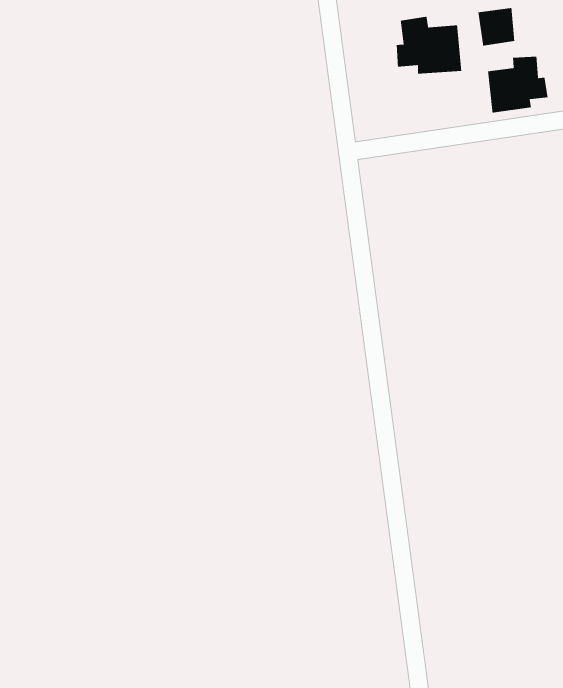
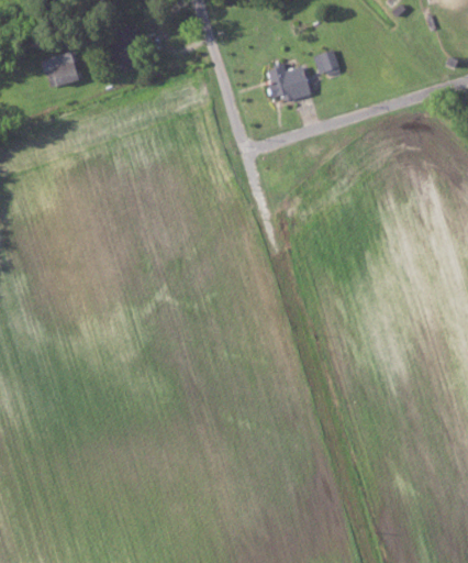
building: [487,56,548,113] -> none

